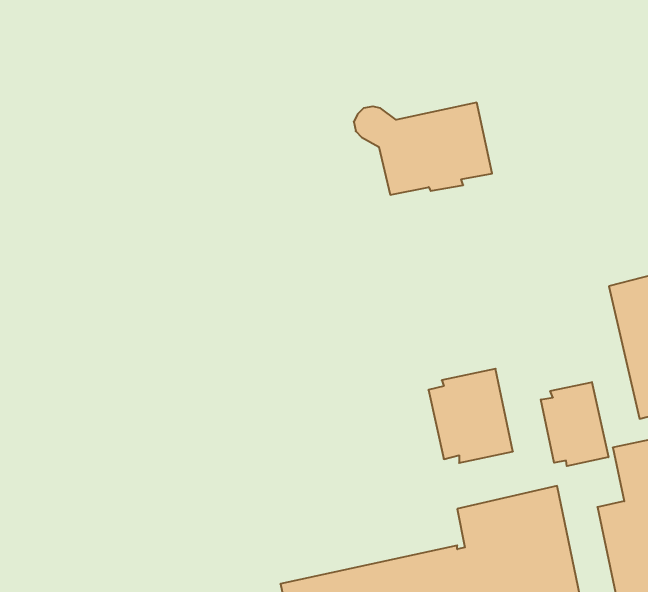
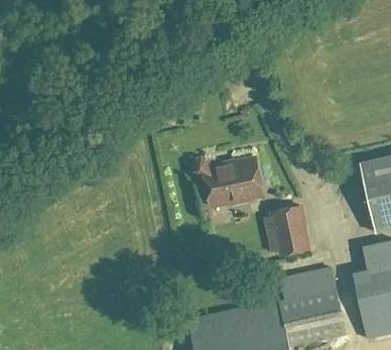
building: [354,103,492,195] -> [191,156,264,205]
building: [541,382,608,466] -> none

